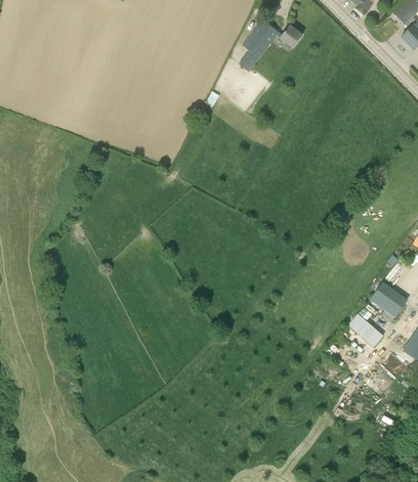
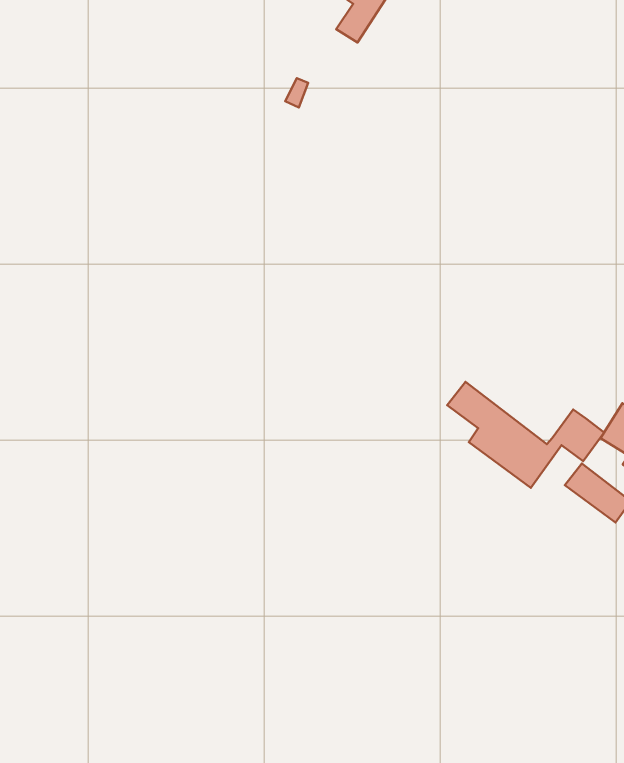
building: none -> [447,382,604,488]

